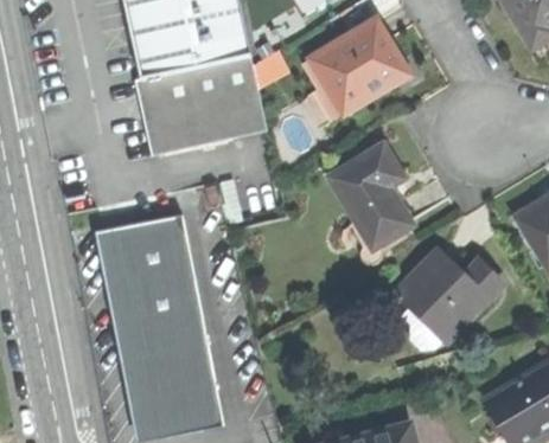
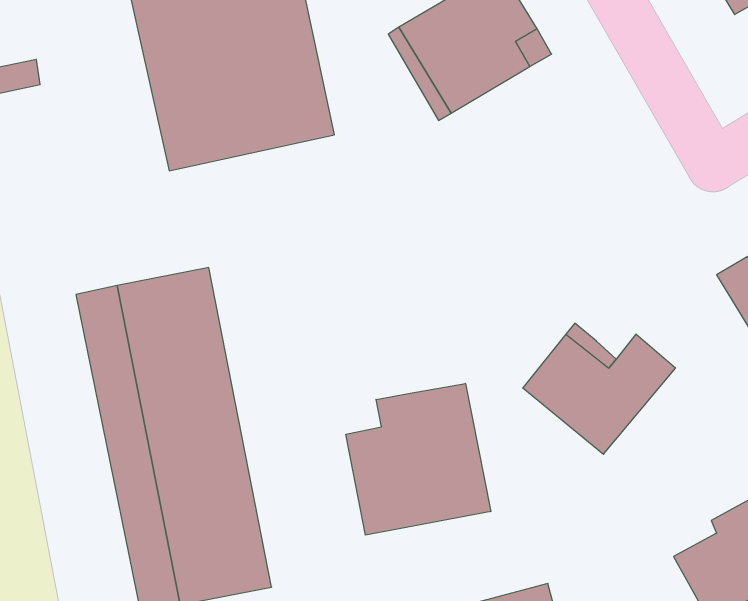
building: [330,143,411,248] -> none
building: none -> [346,383,491,535]

